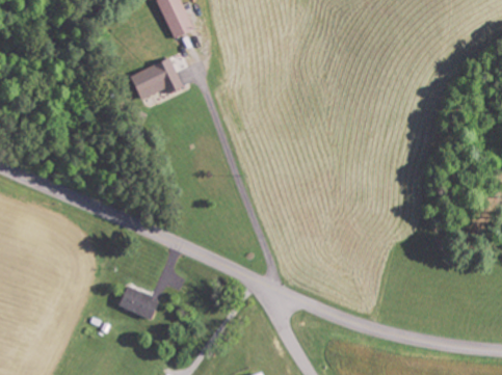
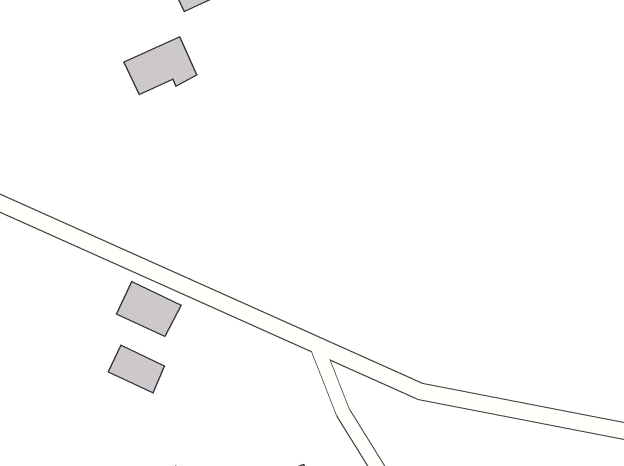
building: none -> [116,281,181,336]

